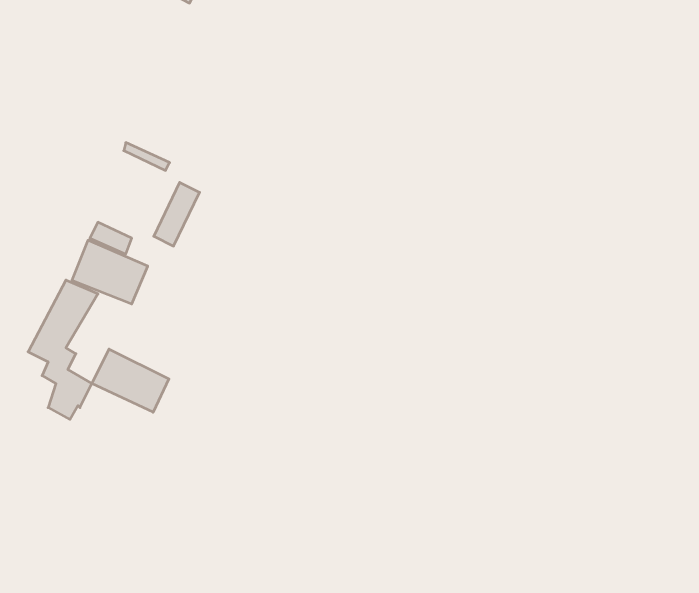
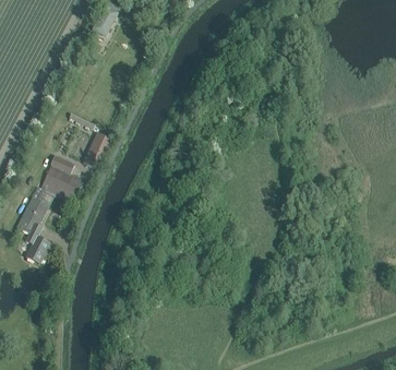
building: [92,349,169,412] -> none

